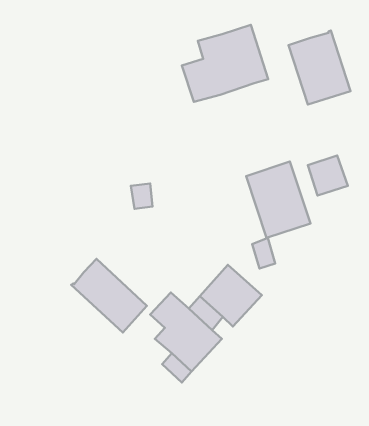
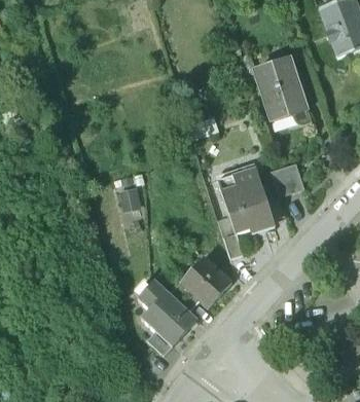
building: [182,25,268,102] -> none
building: [71,259,147,332] -> none

